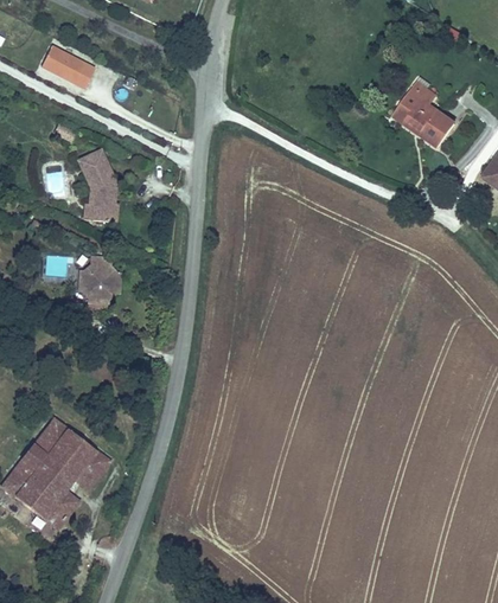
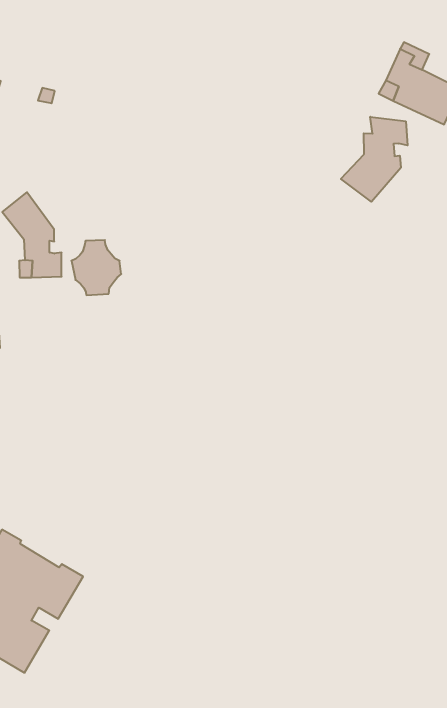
building: none -> [341,117,408,202]
building: [82,262,120,306] -> [71,240,121,295]

